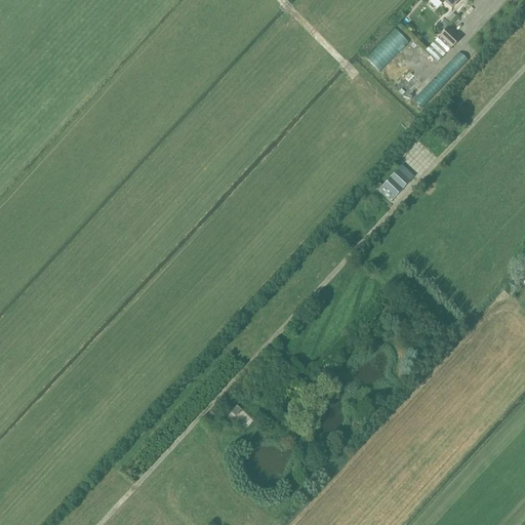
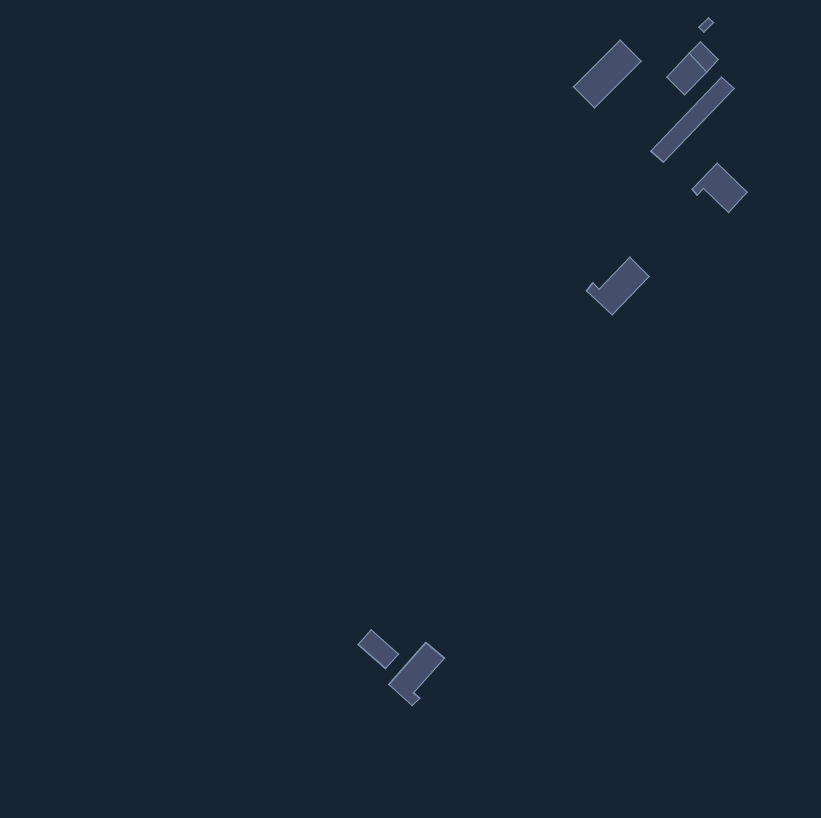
building: none -> [692,163,747,213]
building: none -> [389,642,444,706]

